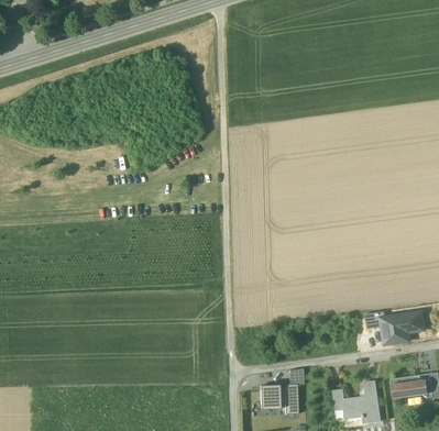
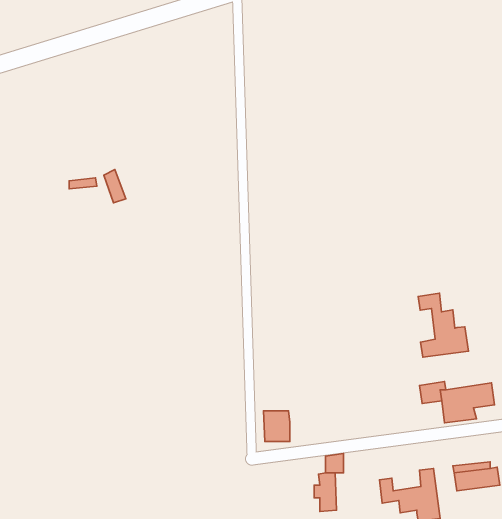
building: none -> [418,293,468,357]
building: [260,385,281,409] -> [264,411,290,441]

